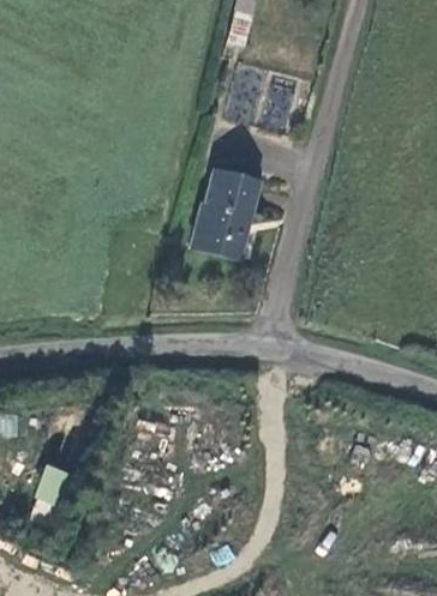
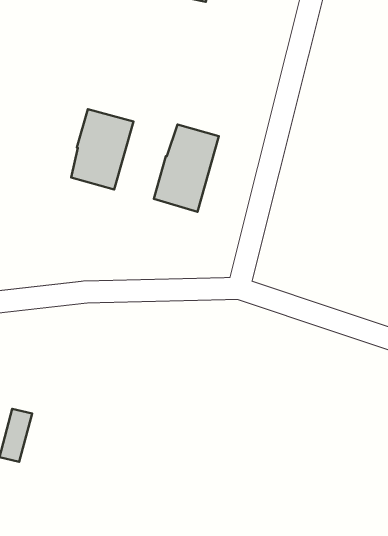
building: none -> [71,109,133,189]

